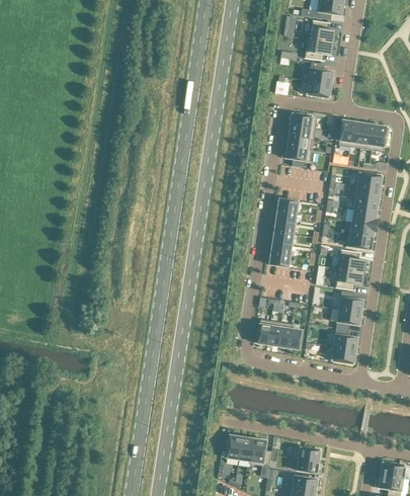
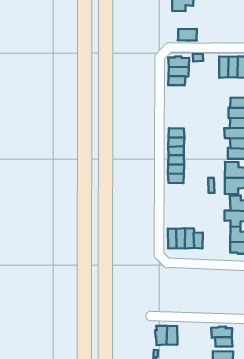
building: [309,62,333,84] -> none
building: [332,120,353,147] -> none
building: [285,147,312,167] -> none
building: [250,438,271,465] -> none

